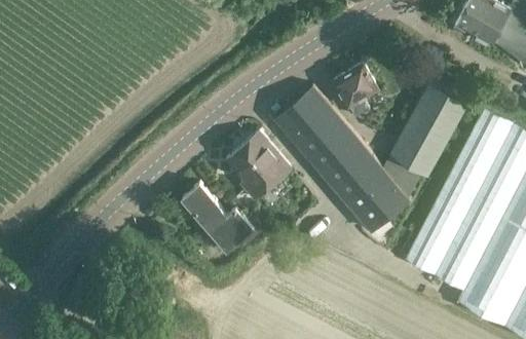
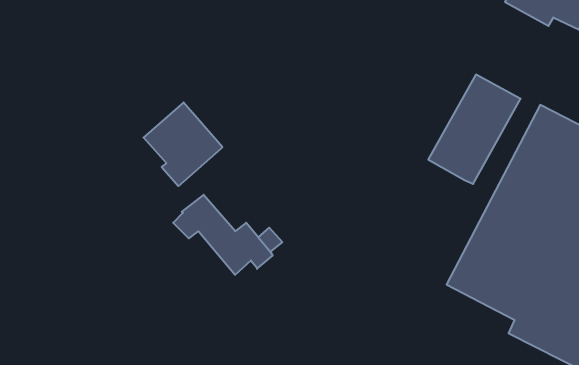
building: [333,66,378,117] -> none
building: [274,86,411,233] -> none
building: [225,131,292,202] -> [143,102,222,186]

